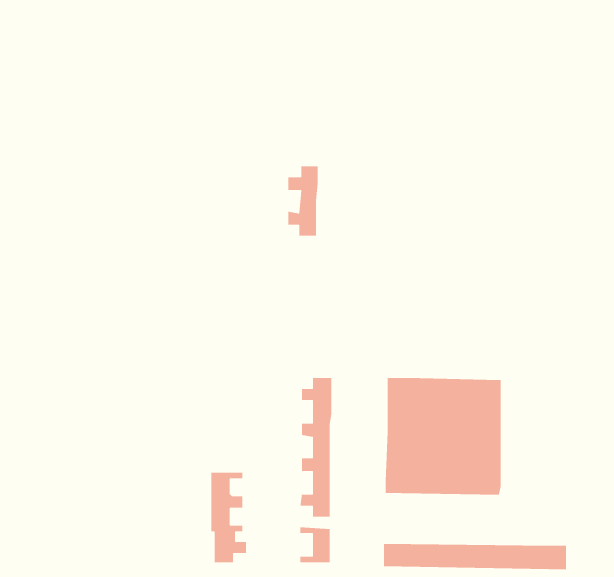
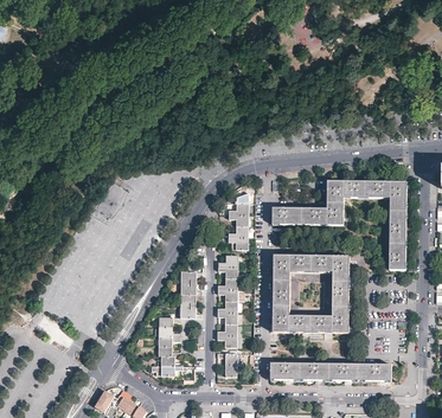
building: [288,165,319,236] -> [229,202,249,249]
building: none -> [273,180,405,269]
building: none -> [180,271,201,317]

